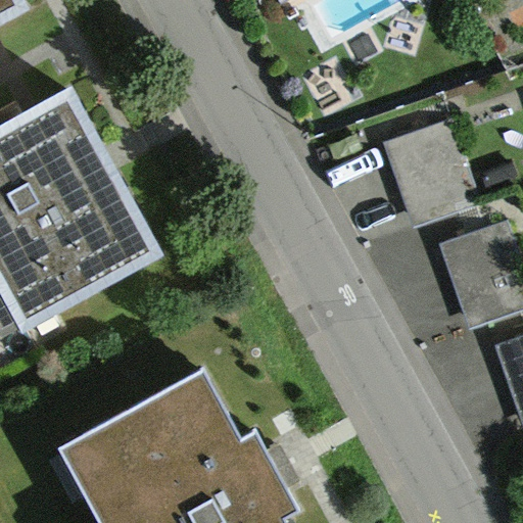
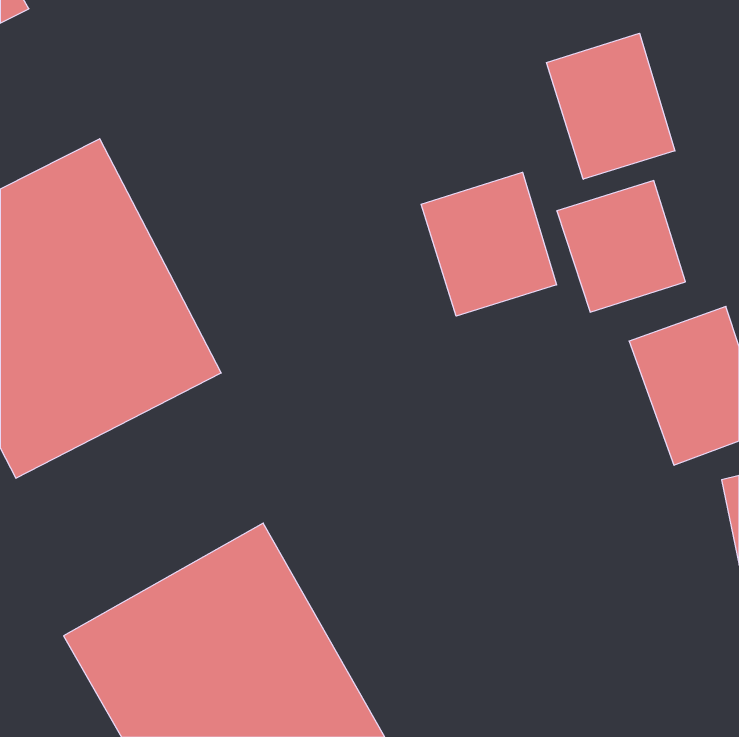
building: none -> [547,33,675,179]
building: none -> [421,172,557,316]

